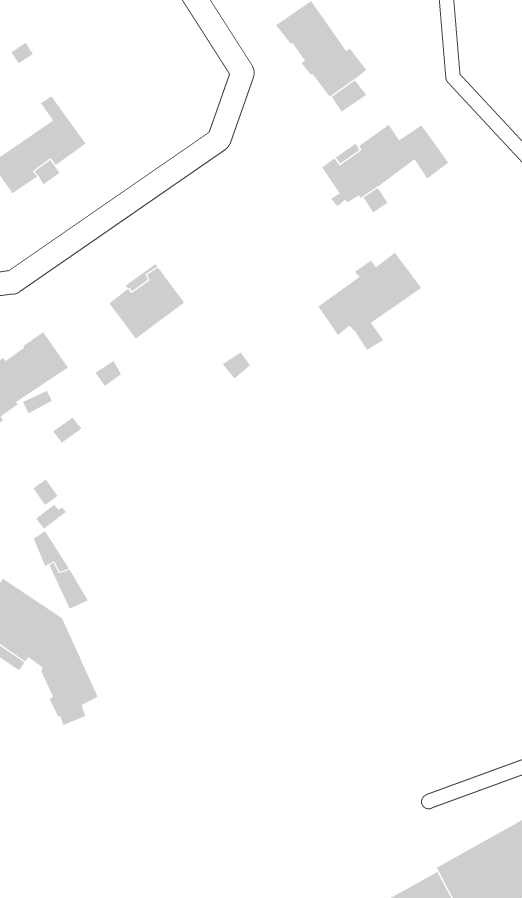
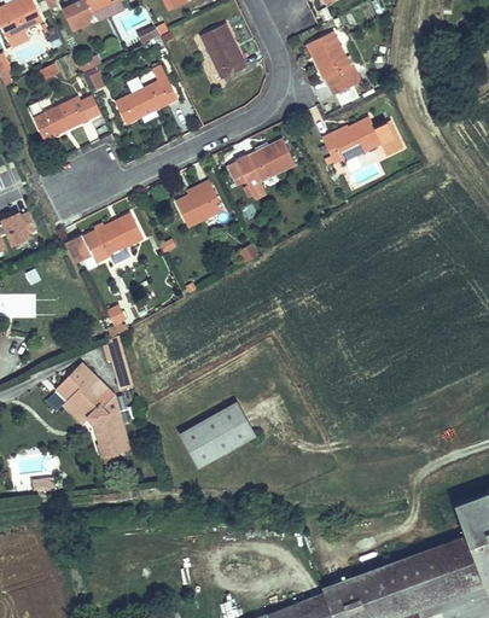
building: none -> [199,23,246,78]
building: [317,252,422,350] -> [227,139,295,198]
building: none -> [179,402,255,467]

